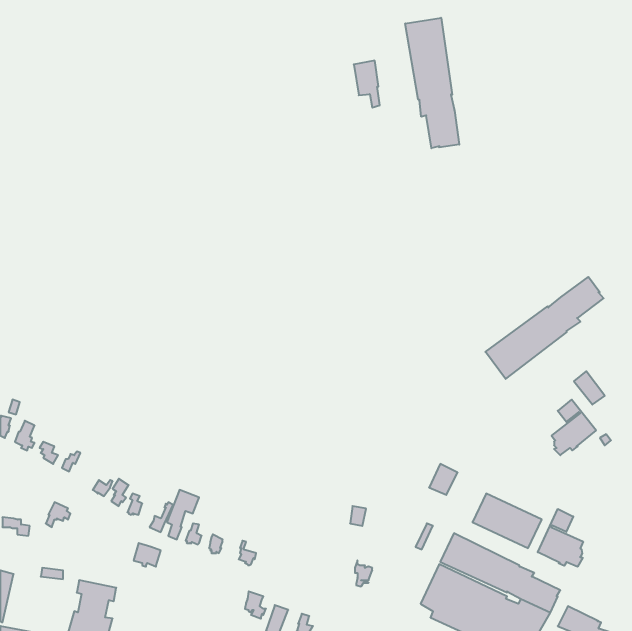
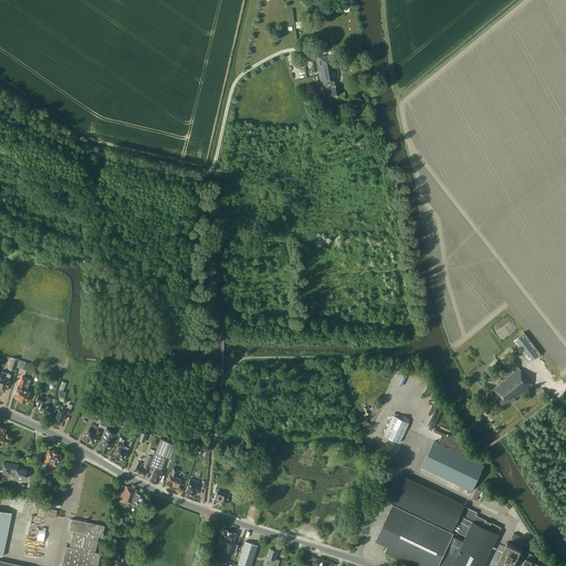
building: [405,18,459,148] -> none
building: [485,277,604,379] -> none
building: [538,509,583,567] -> none

